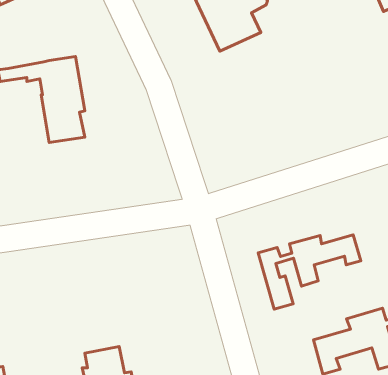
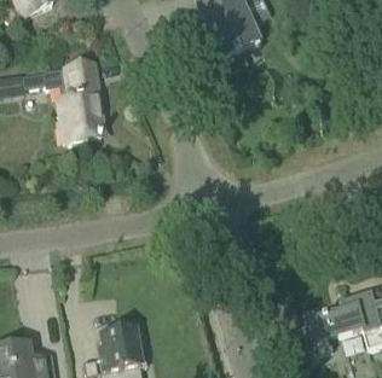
building: [258,235,361,309] -> none

